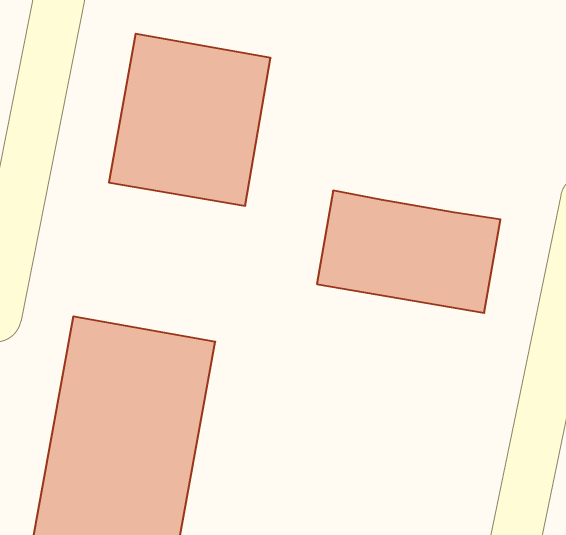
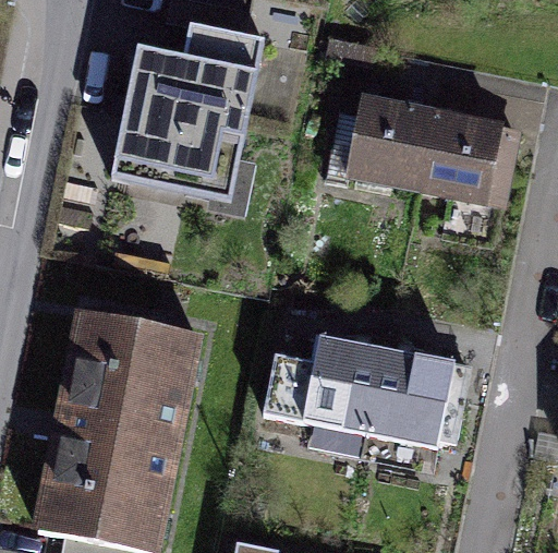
building: [317,191,500,313] -> [328,99,501,215]
building: none -> [290,330,463,444]

